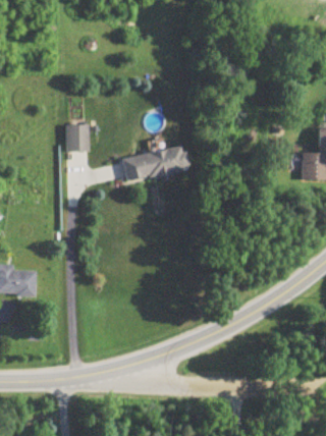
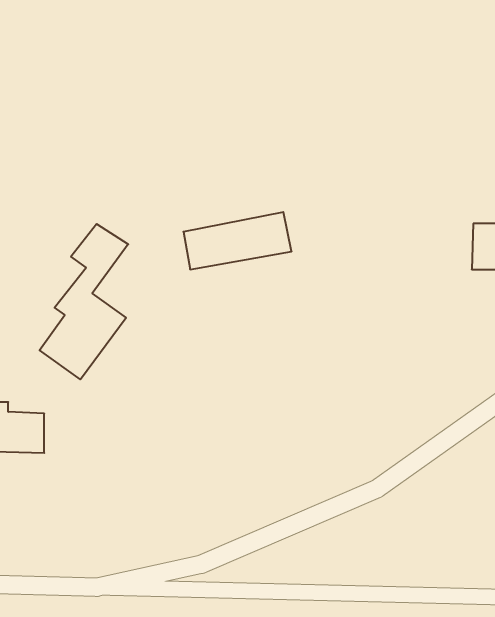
building: [67,124,89,151] -> none
building: none -> [40,224,128,379]

